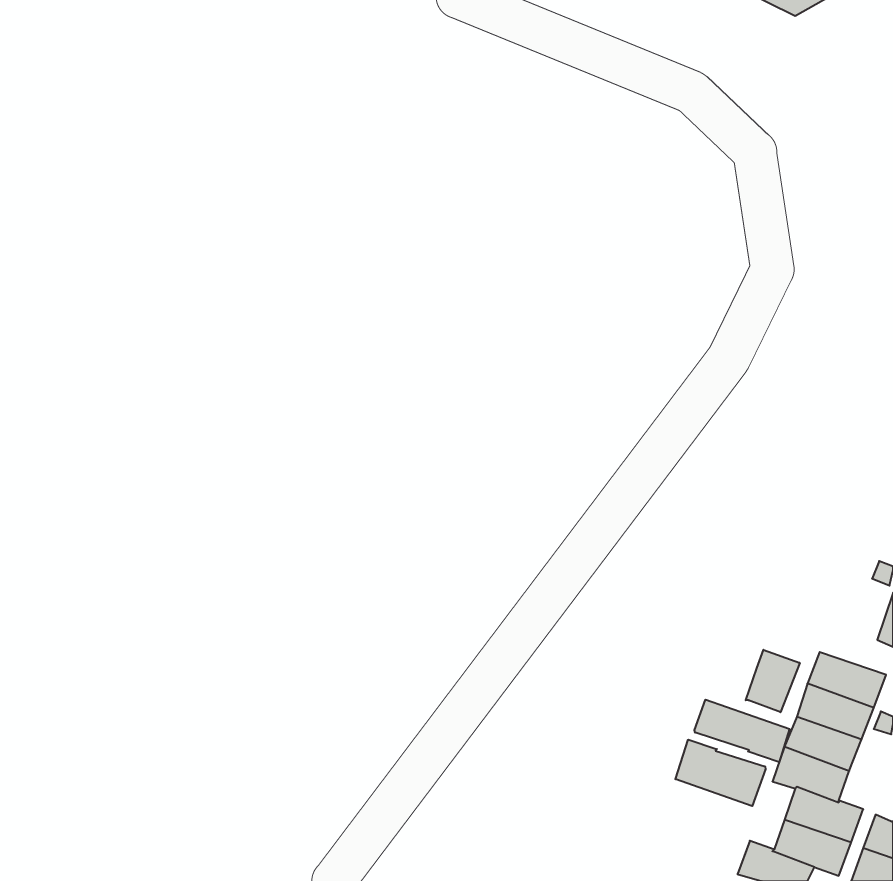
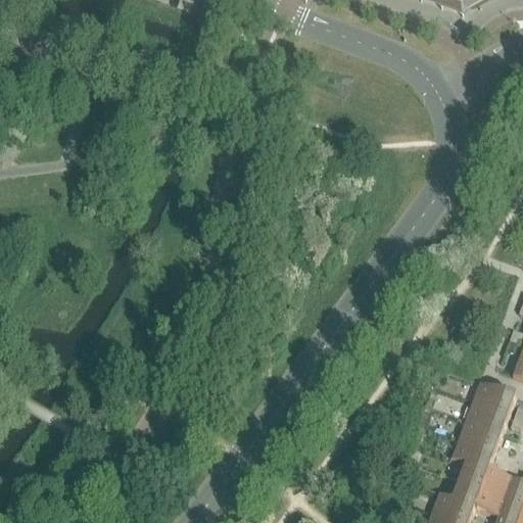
building: [746,650,800,712] -> none
building: [694,700,790,762] -> none
building: [675,740,765,806] -> none

